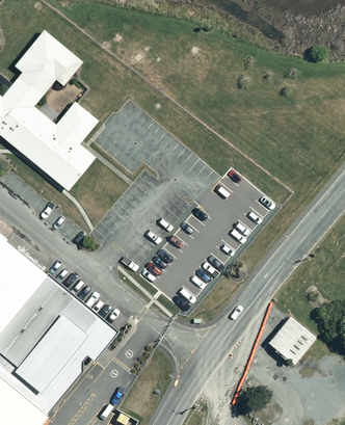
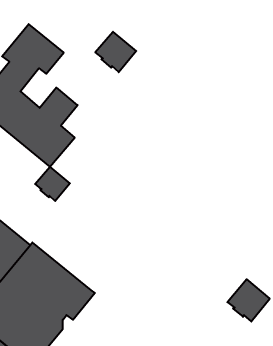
building: none -> [95,32,136,72]
building: none -> [35,167,70,201]

